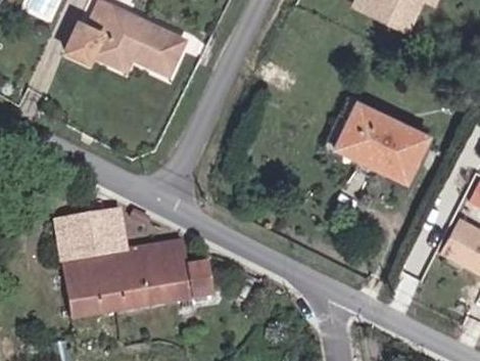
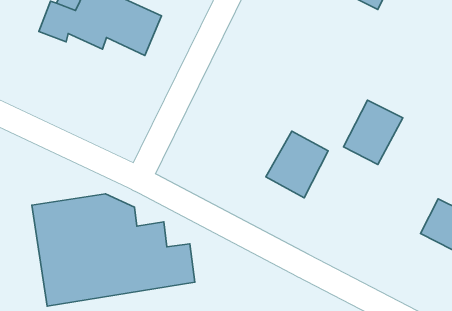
building: [329,101,390,167] -> [266,131,328,198]

